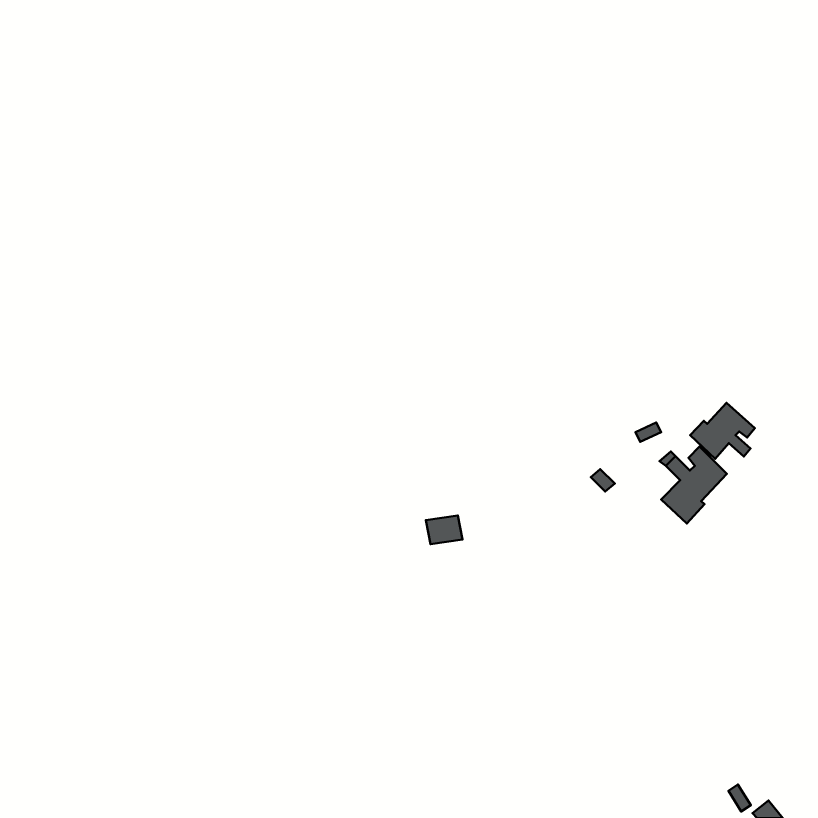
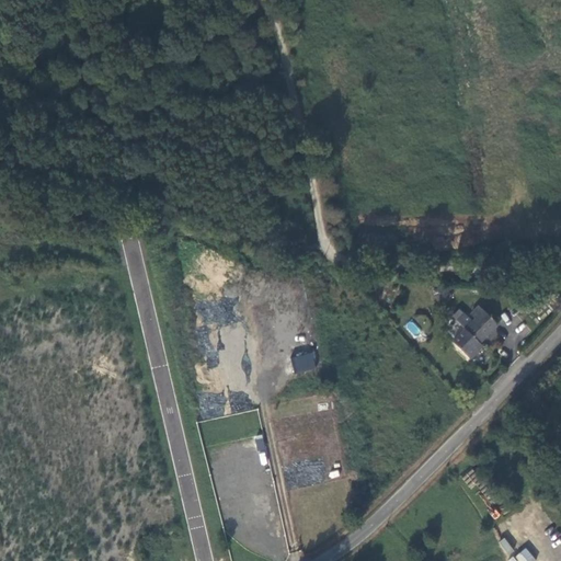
building: [690,403,755,459] -> none

